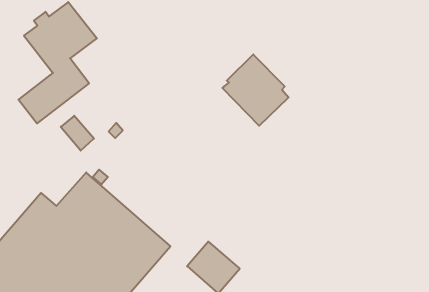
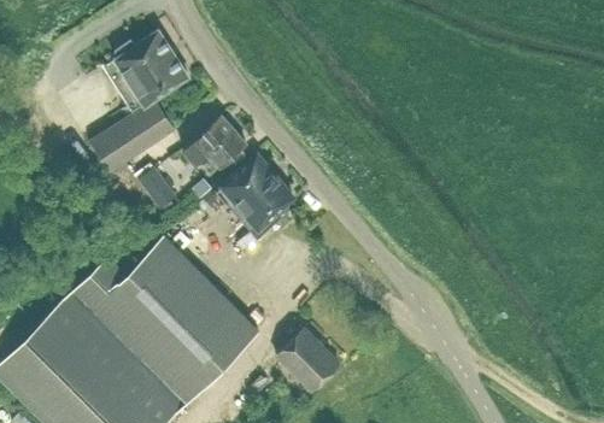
building: [222,54,289,126] -> [216,155,294,241]
building: none -> [183,114,246,166]

